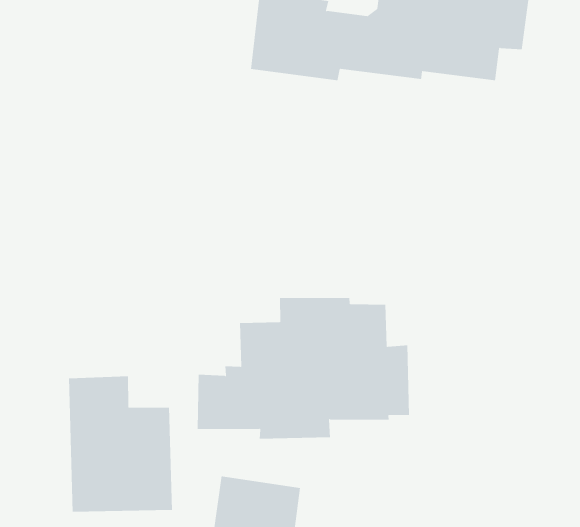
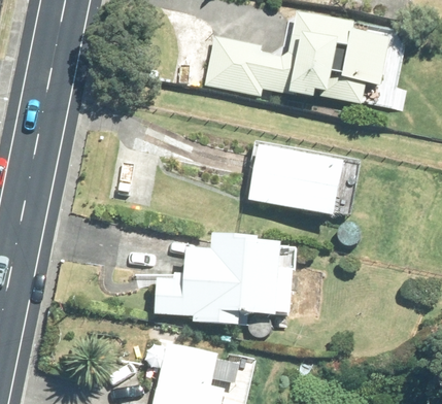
building: none -> [248,143,343,214]
building: [69,375,172,513] -> none

